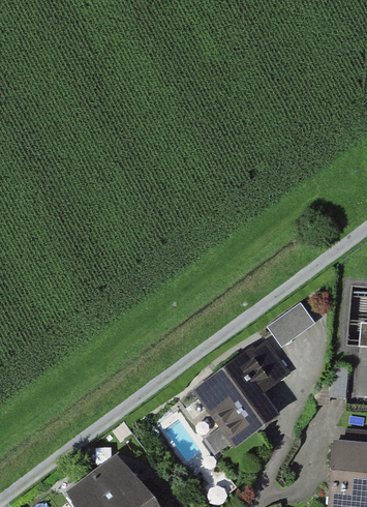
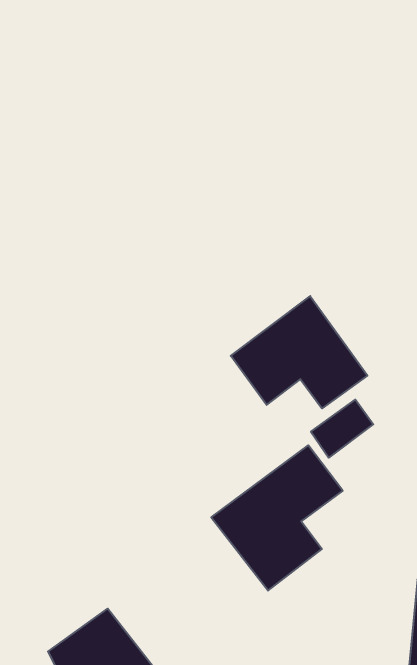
building: none -> [231,296,367,408]

